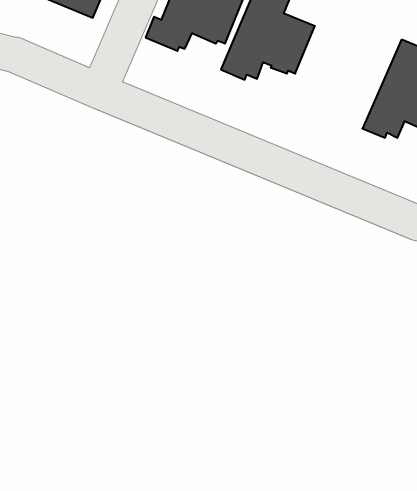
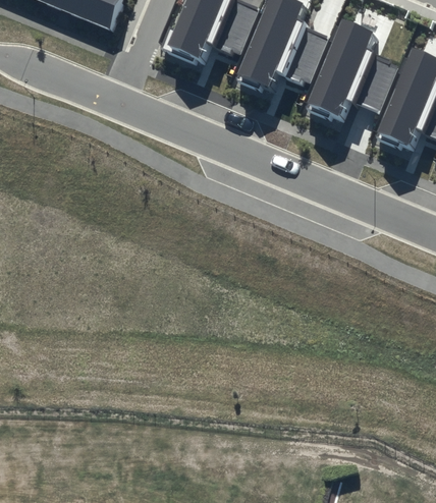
building: none -> [305,20,398,118]

